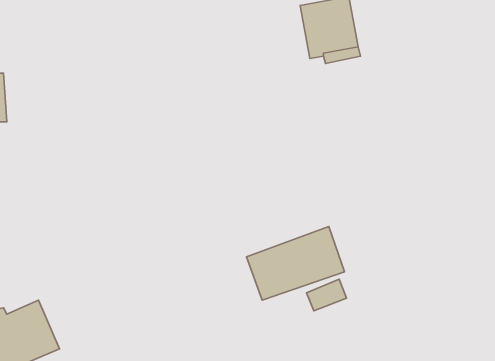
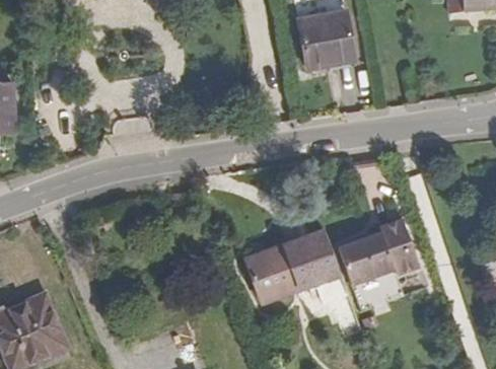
building: none -> [339,219,419,310]

